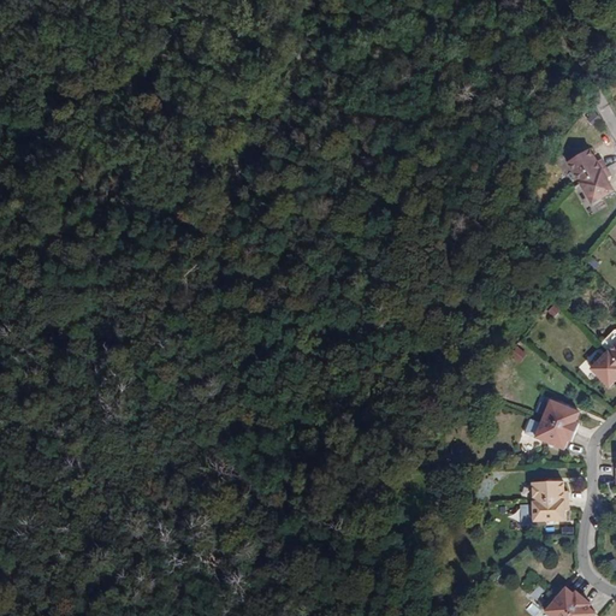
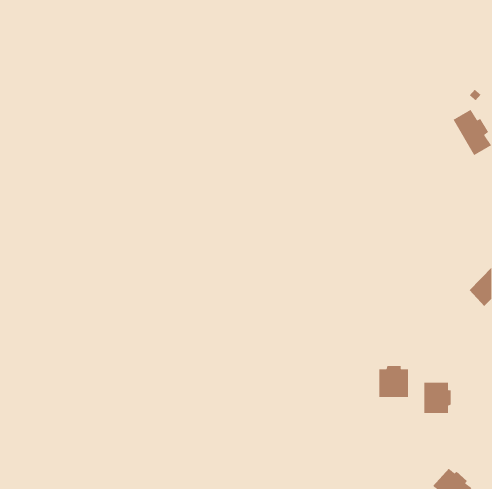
building: [537,403,579,449] -> none
building: none -> [378,365,409,398]

